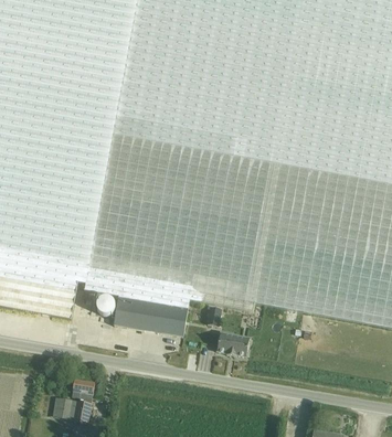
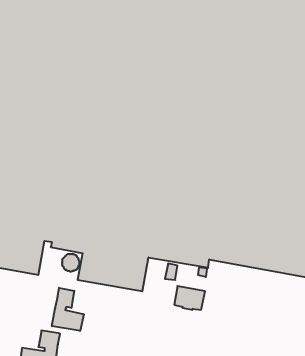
building: none -> [52,288,84,331]

